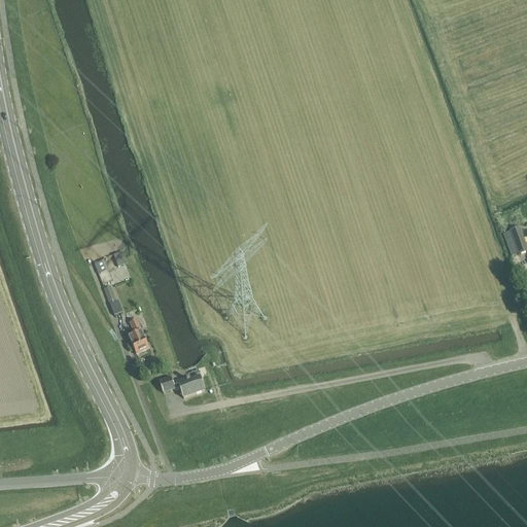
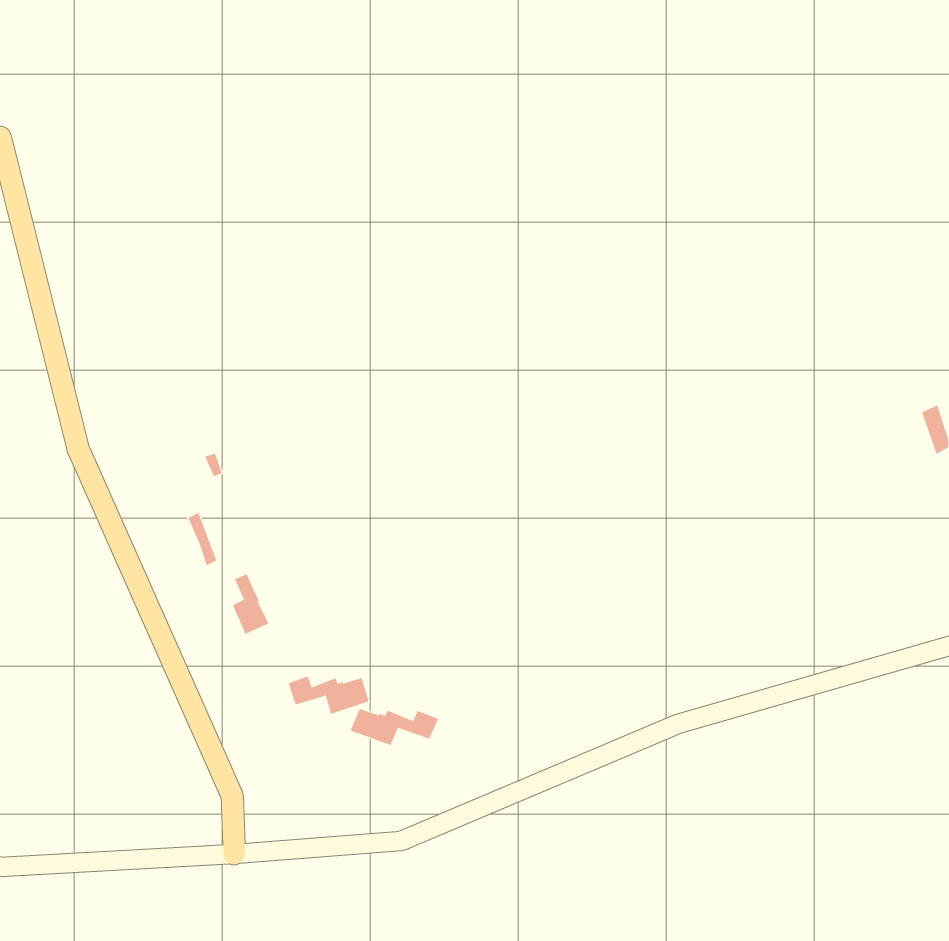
building: none -> [350,708,439,746]

